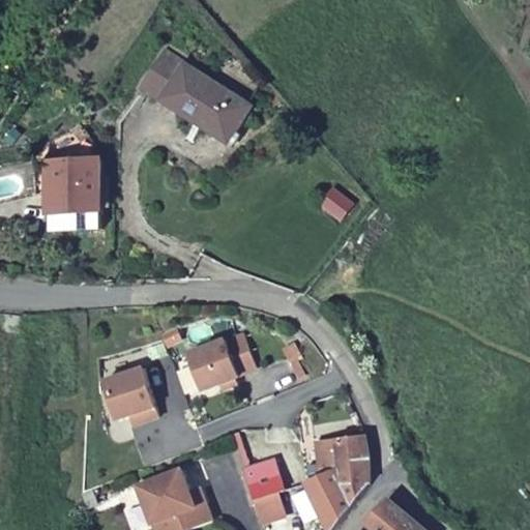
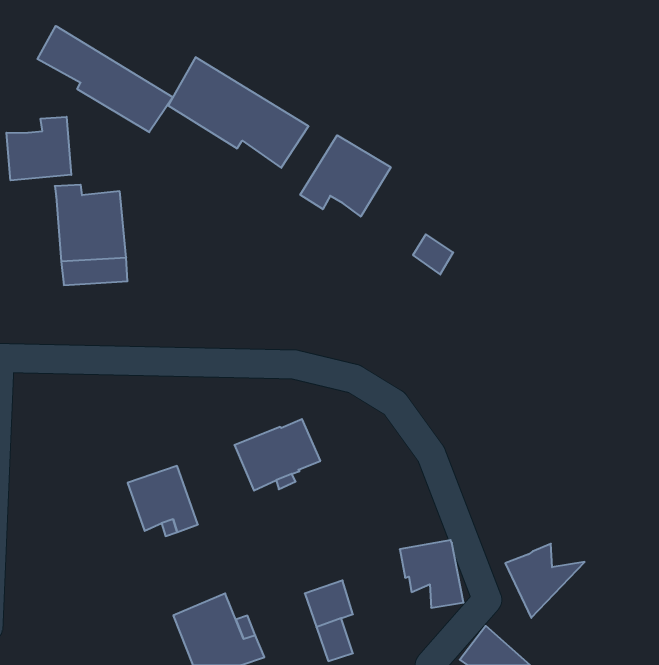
building: none -> [37,26,173,132]
building: none -> [6,117,71,180]
building: none -> [300,135,391,217]
building: [305,465,369,524] -> [505,544,585,618]

